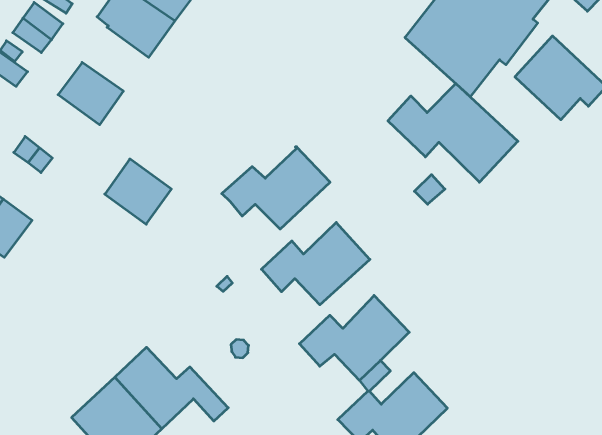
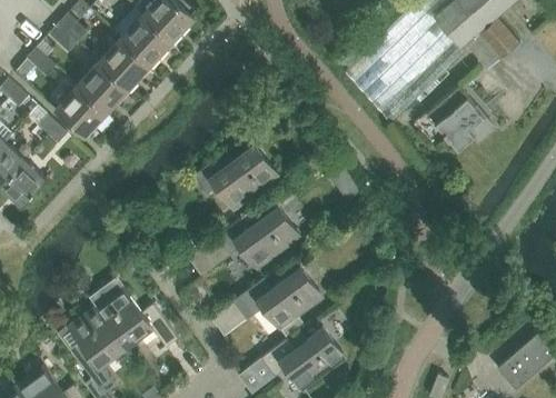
building: none -> [98,39,149,89]
building: [388,84,518,182] -> none
building: [105,159,171,224] -> [54,86,106,137]

